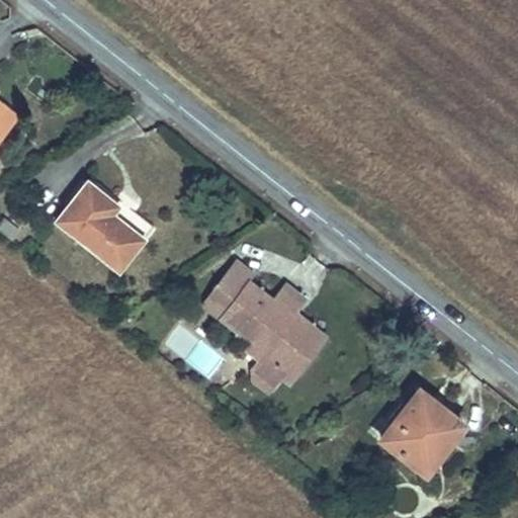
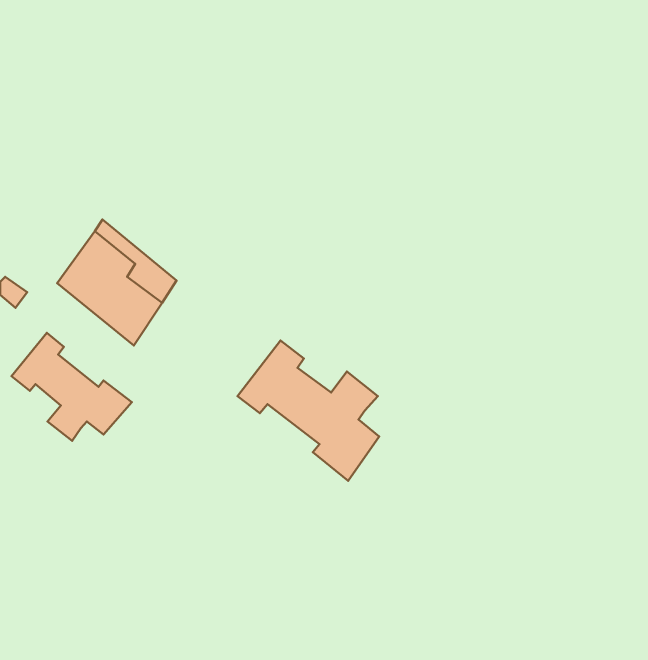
building: none -> [12,333,132,441]
building: [384,395,465,477] -> none

